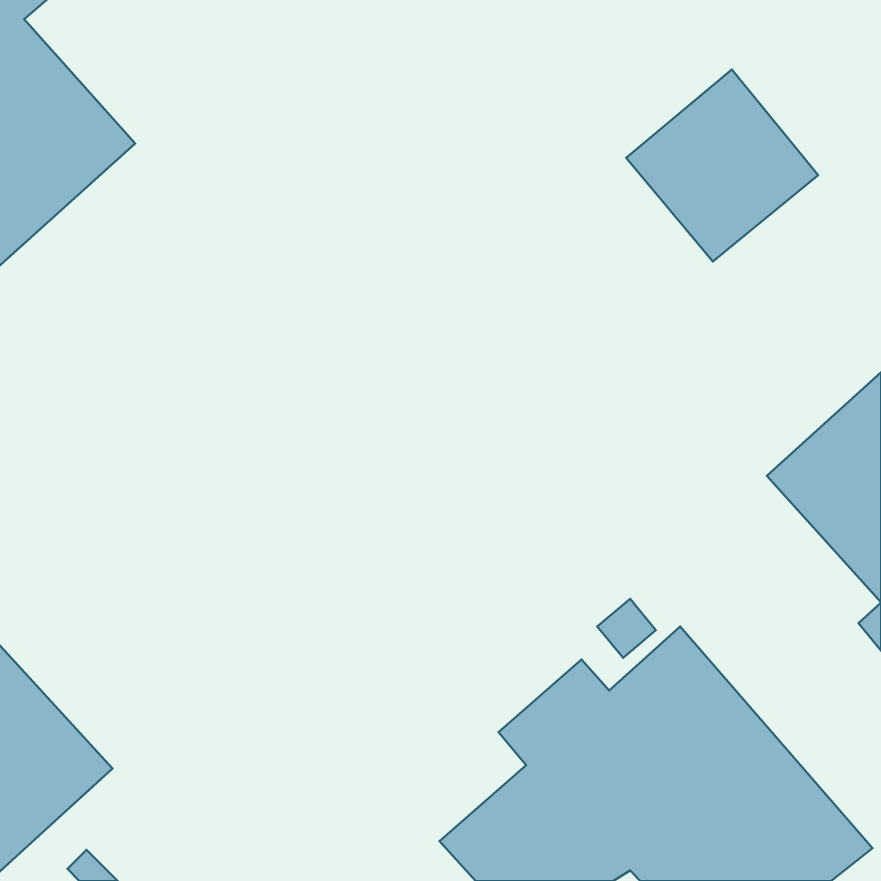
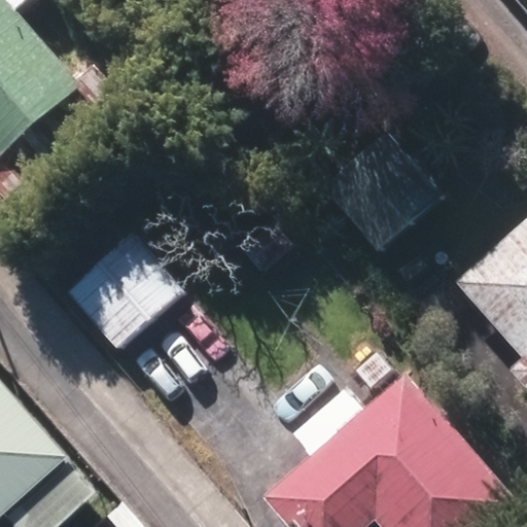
building: [626,70,818,262] -> [326,137,441,251]
building: none -> [70,235,206,349]

